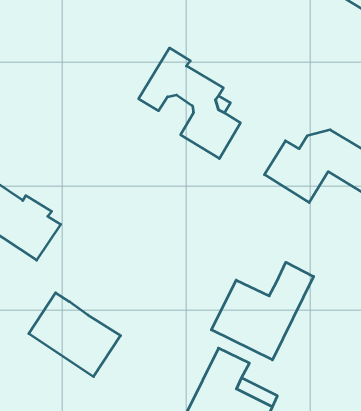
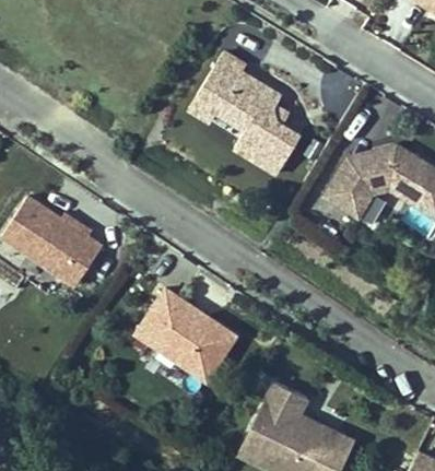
building: [211,262,314,360] -> none
building: [29,293,121,377] -> [136,290,236,381]

